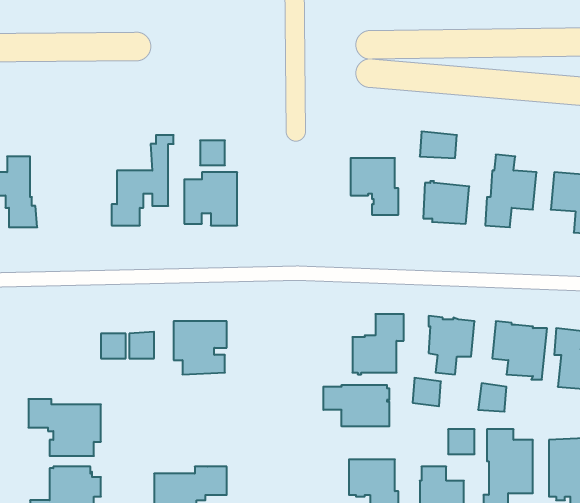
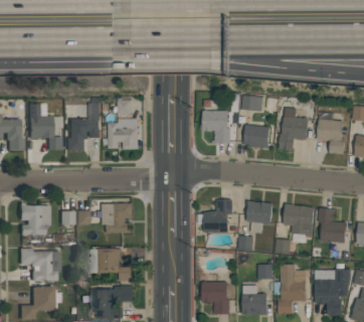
building: none -> [30,103,62,149]
building: none -> [20,202,50,233]
building: [323,385,389,426] -> none
building: none -> [90,249,133,281]

